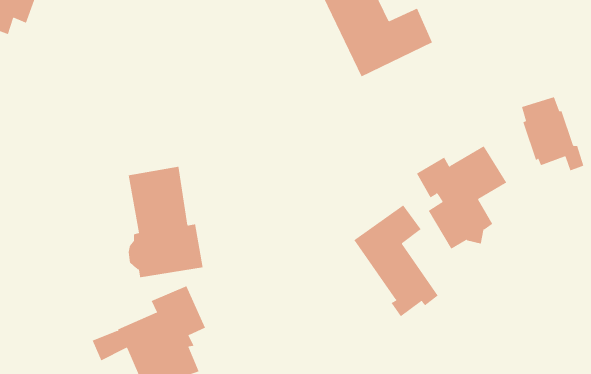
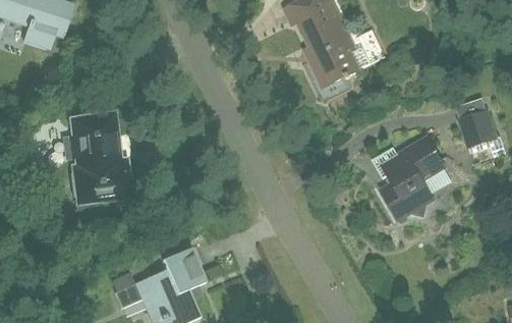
building: [128,166,204,278] -> [74,116,134,205]
building: [353,204,439,317] -> none

